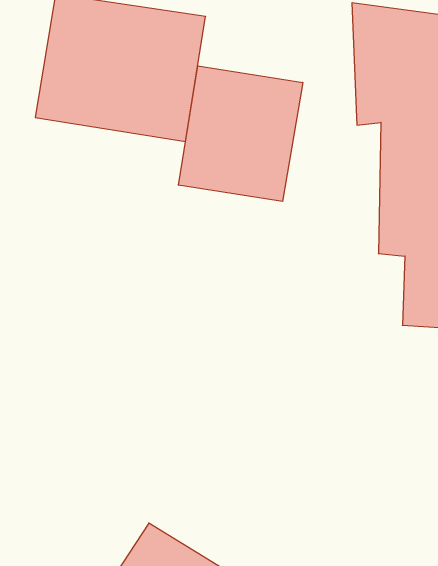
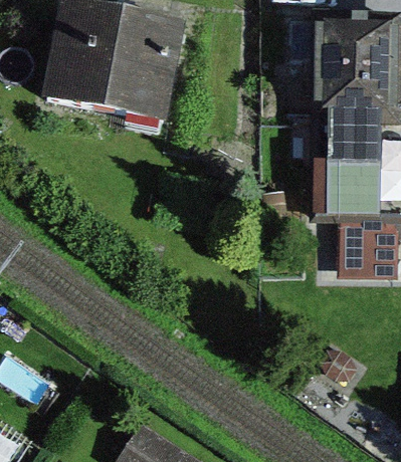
building: [179,66,303,201] -> none

